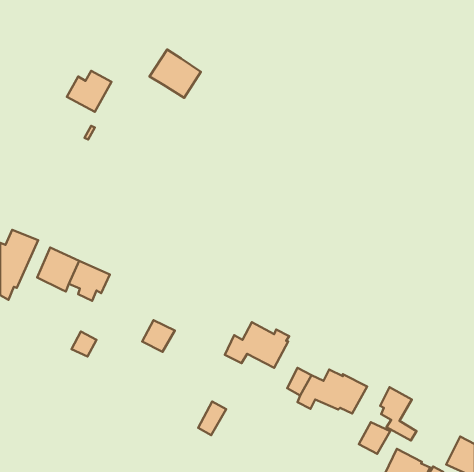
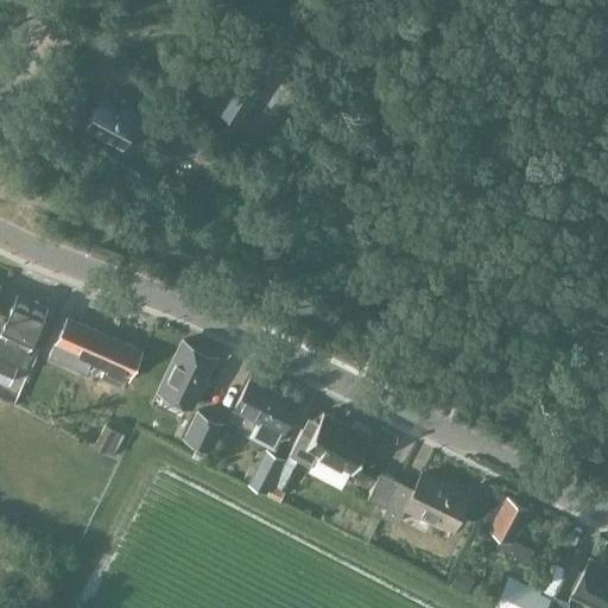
building: none -> [158,344,215,410]
building: none -> [234,380,298,446]
building: [198,402,226,435] -> [248,452,284,495]
building: [359,422,390,454] -> none

